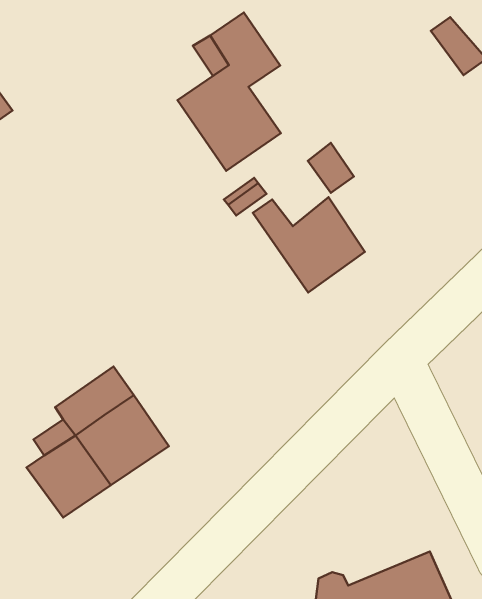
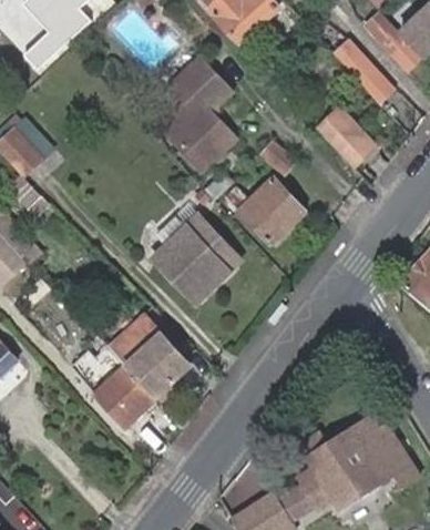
building: none -> [310,102,367,157]
building: none -> [152,214,238,302]

